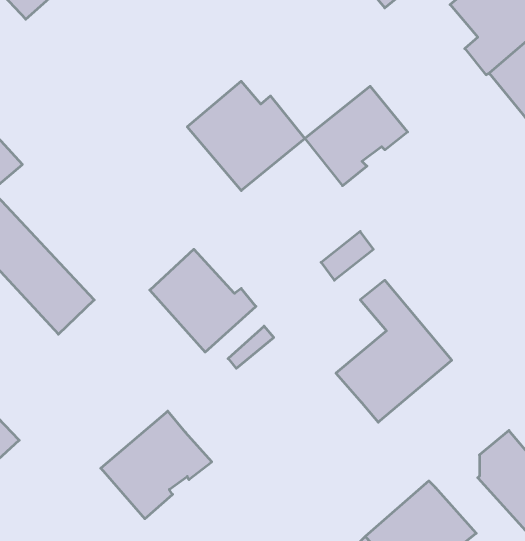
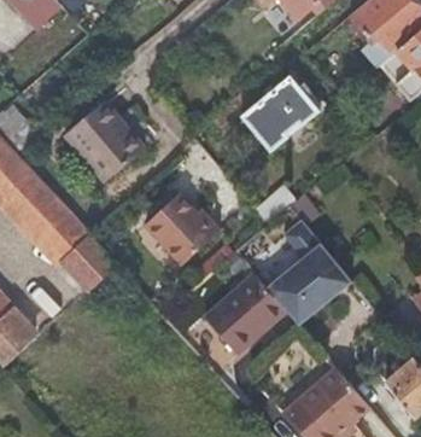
building: [187,81,305,191] -> [64,101,151,182]
building: none -> [60,235,116,291]
building: [101,411,212,519] -> [203,274,285,354]

